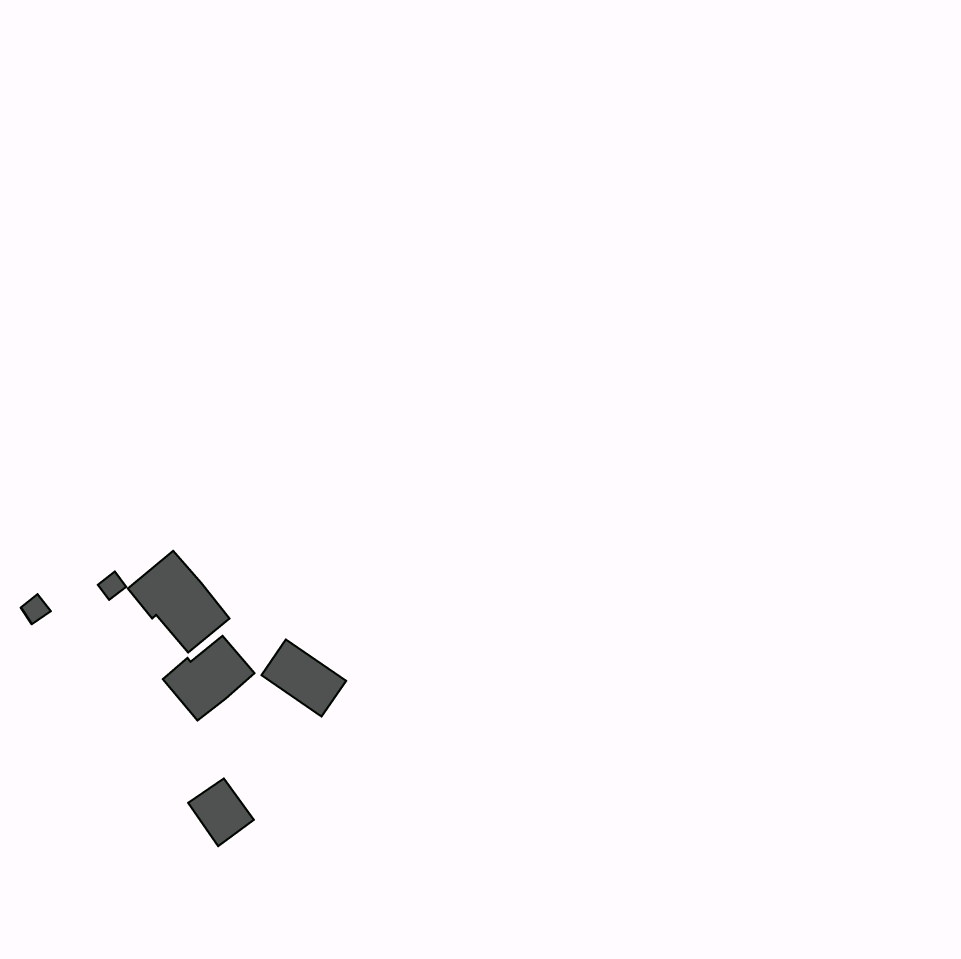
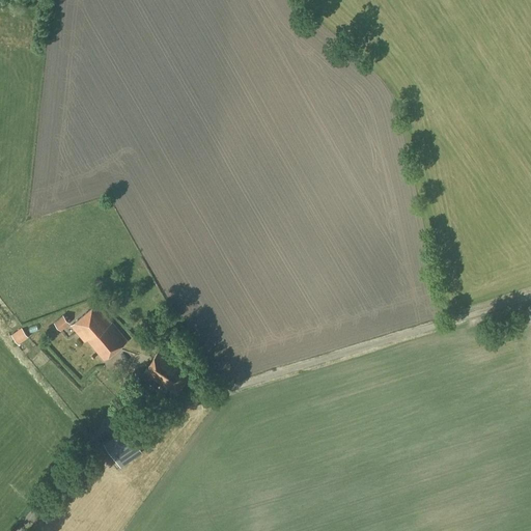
building: [163,636,254,721] -> none

